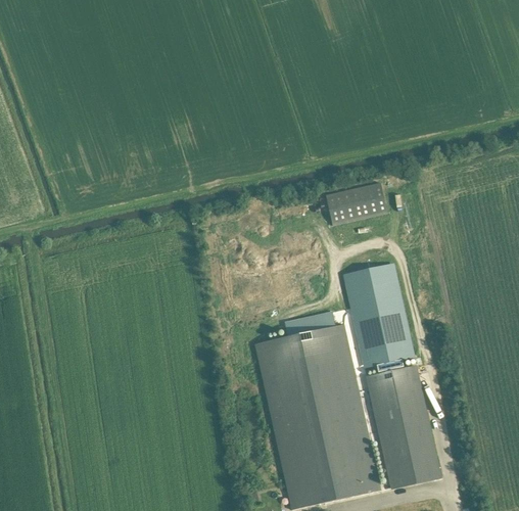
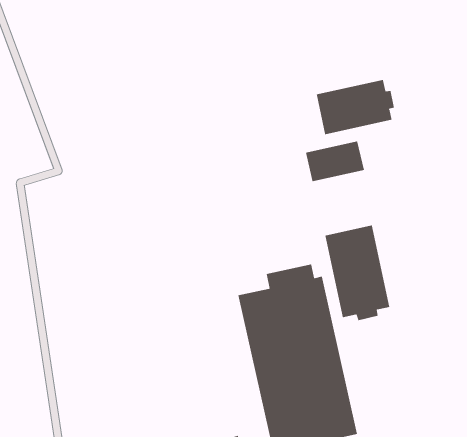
building: none -> [316,79,395,135]
building: [368,362,440,486] -> none

